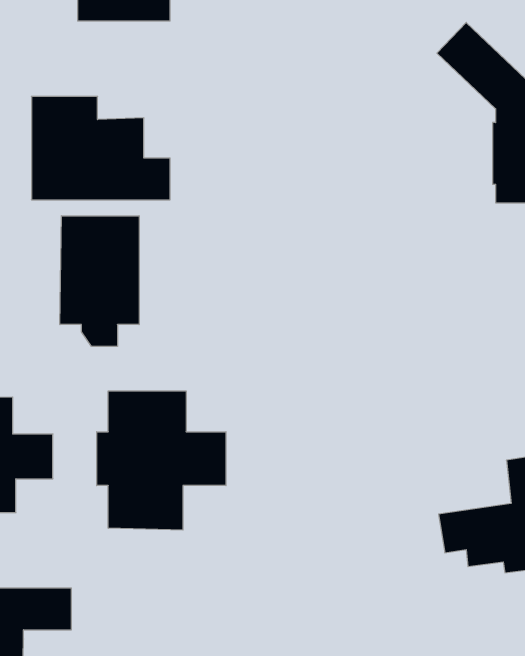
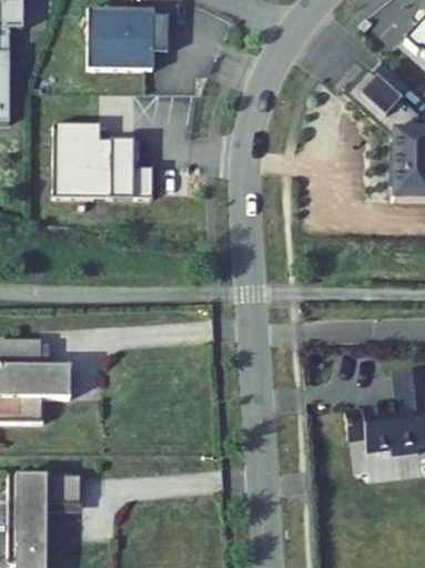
building: [60,216,139,346] -> none
building: [97,391,226,530] -> none

